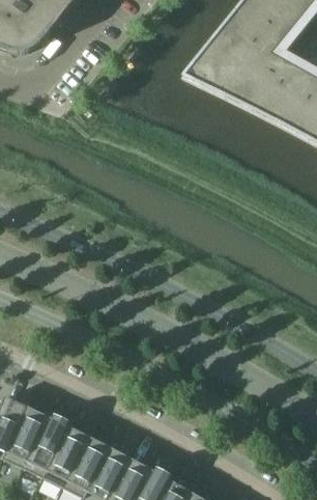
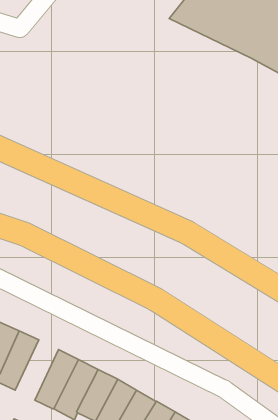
building: [23,410,68,473] -> none

